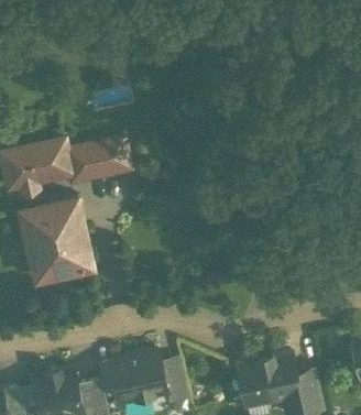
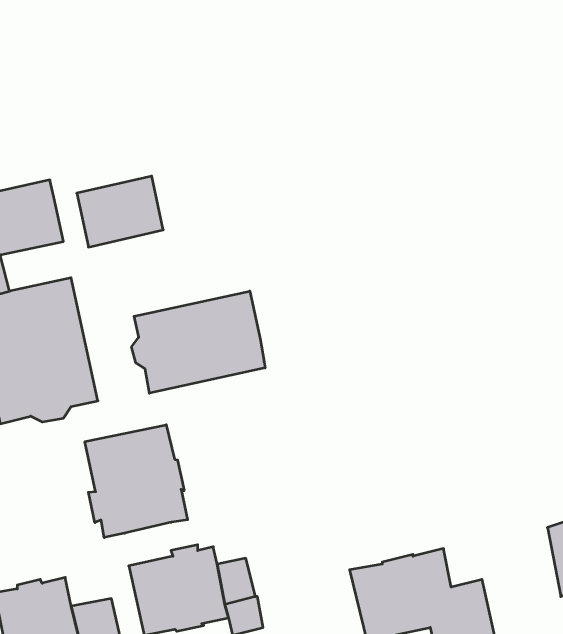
building: none -> [132,291,265,393]
building: none -> [85,425,188,538]

